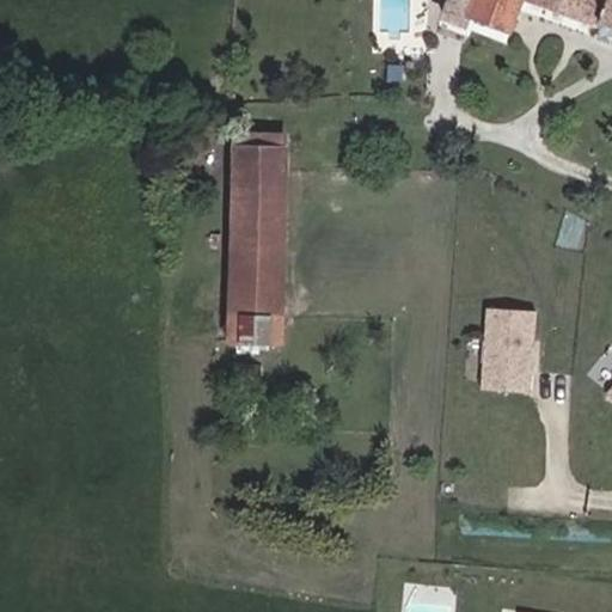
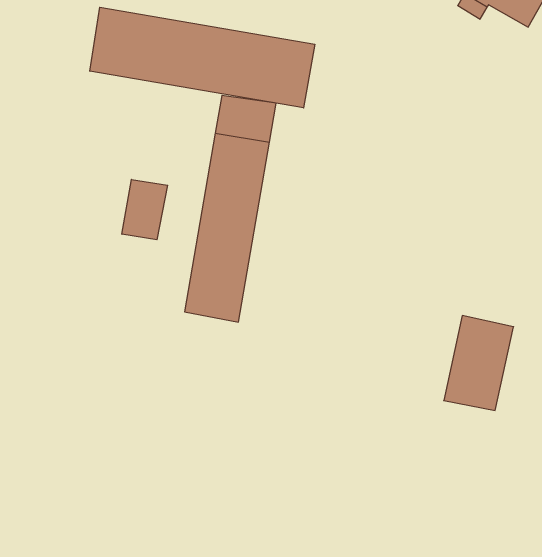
building: none -> [90,7,315,108]
building: none -> [122,179,168,240]

